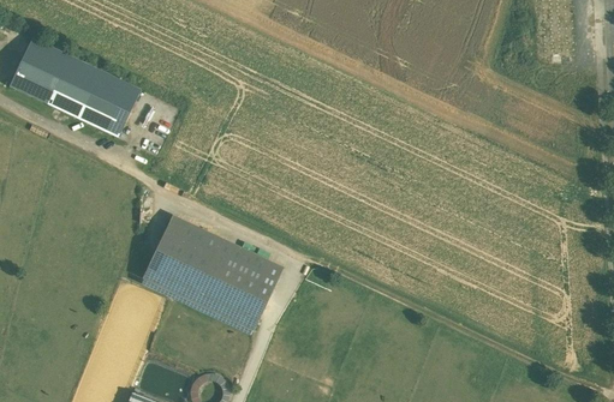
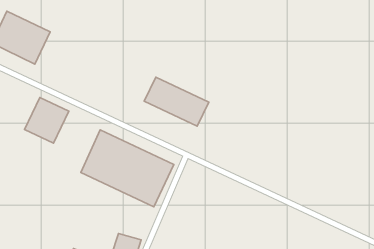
building: [73,70,139,138] -> [25,97,69,143]
building: none -> [144,77,209,126]

